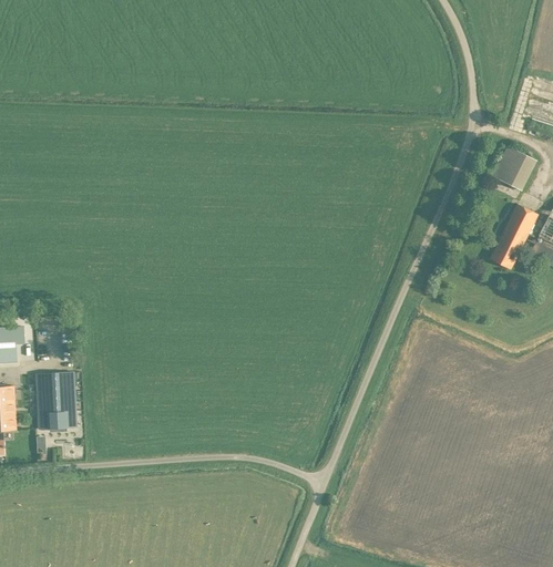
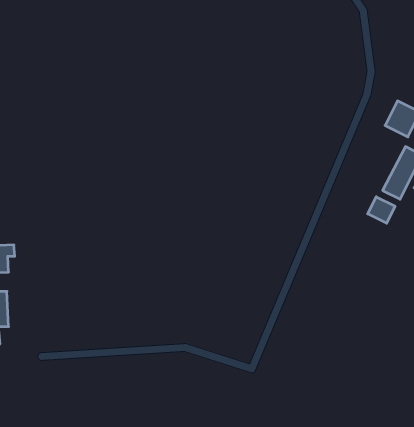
building: none -> [368,197,395,223]
building: [35,371,75,431] -> none

